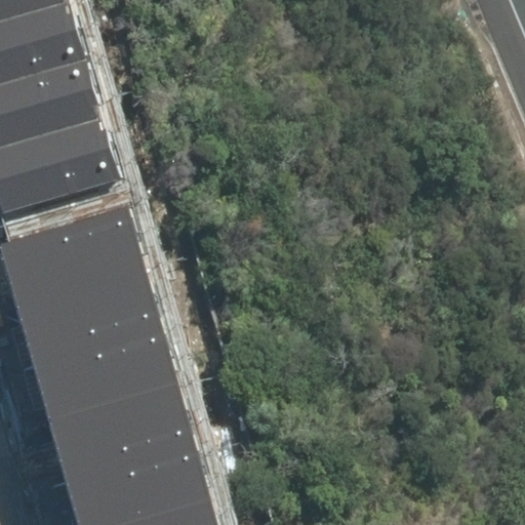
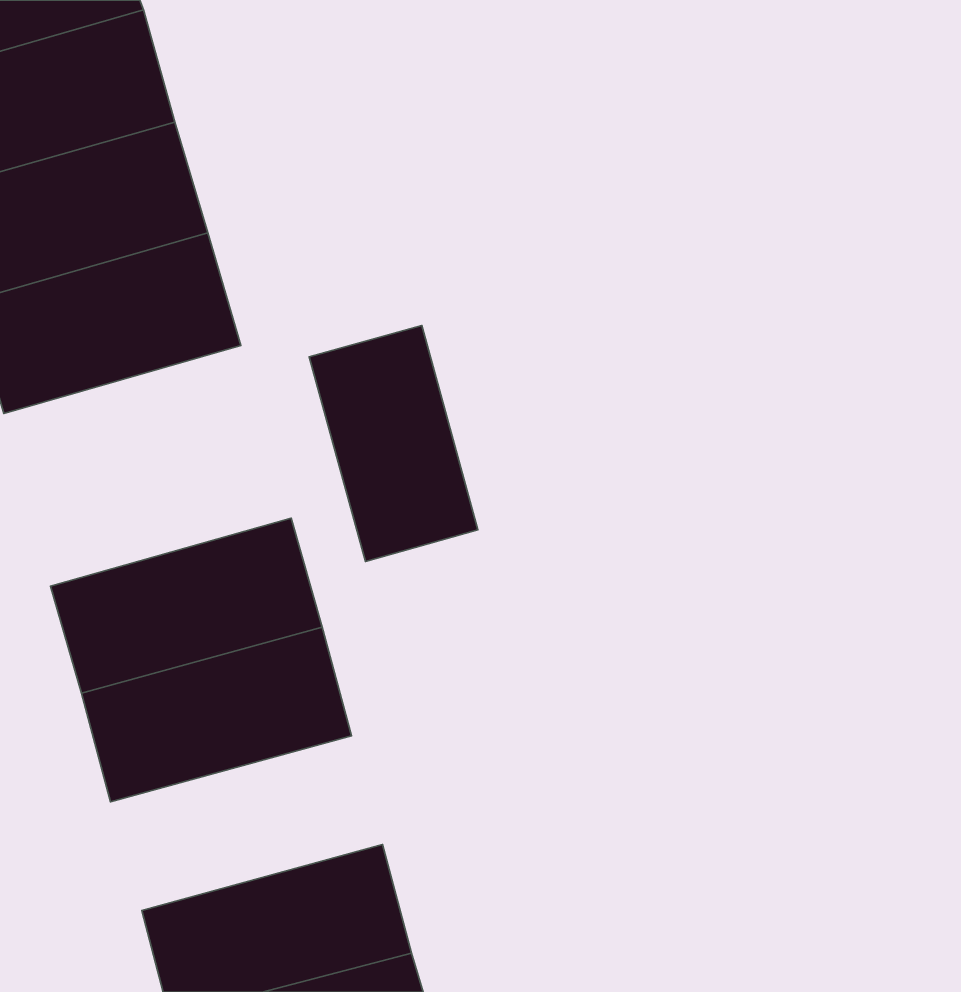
building: none -> [309,325,478,561]
building: [11,217,154,310] -> none
building: [58,389,202,481] -> none

